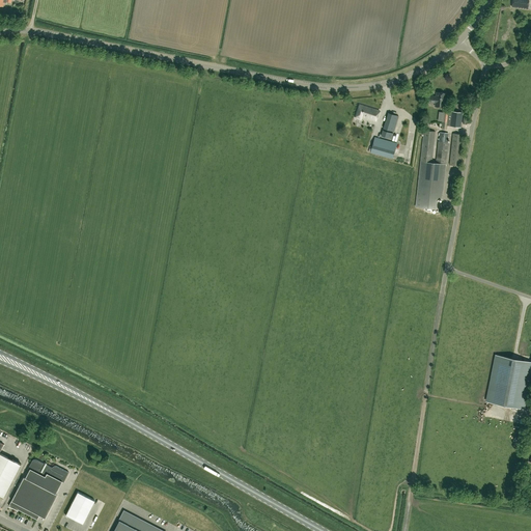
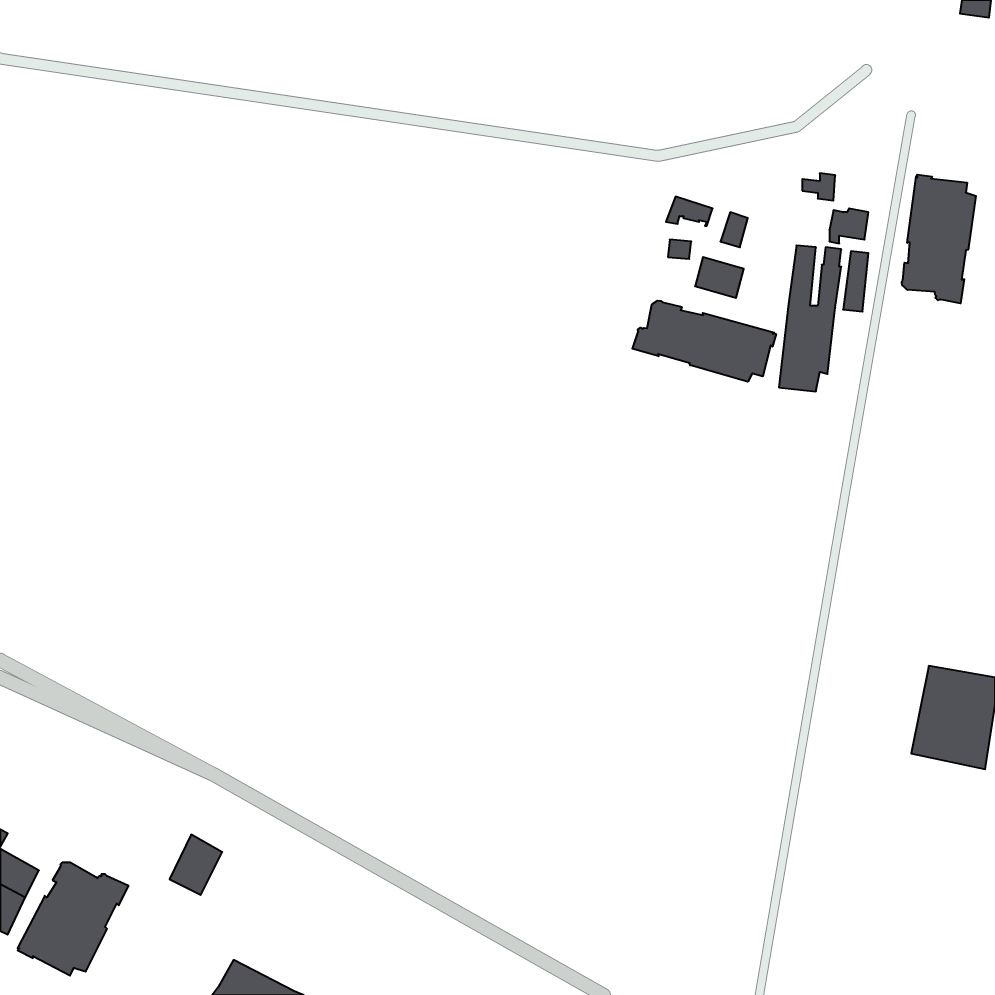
building: none -> [902,175,976,303]
building: none -> [632,301,776,382]
building: [66,492,94,524] -> [170,835,222,895]

